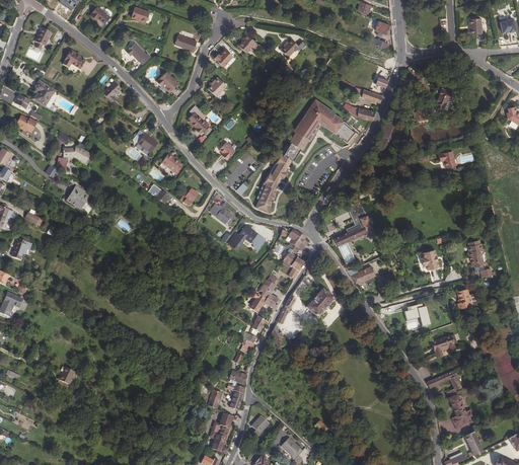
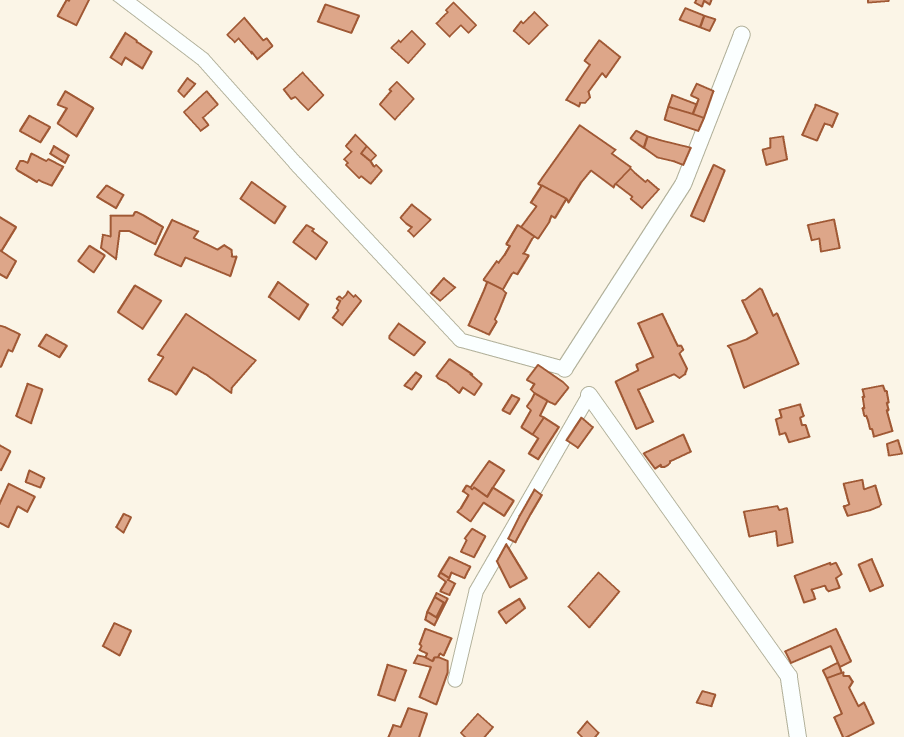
building: none -> [566,40,620,107]
building: none -> [155,220,236,276]
building: none -> [728,288,798,388]
building: none -> [149,314,256,395]
building: [306,288,333,317] -> [568,573,619,627]

